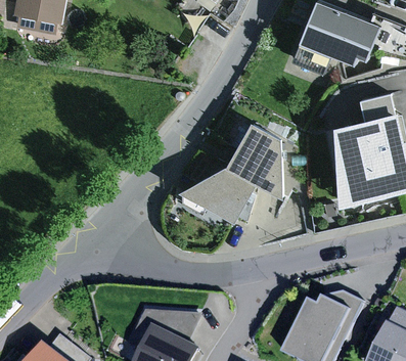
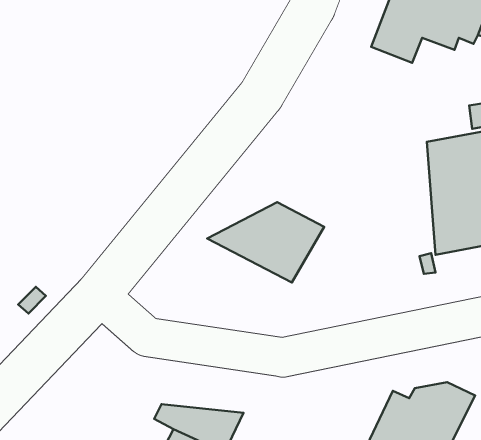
building: [225,124,284,199] -> none

